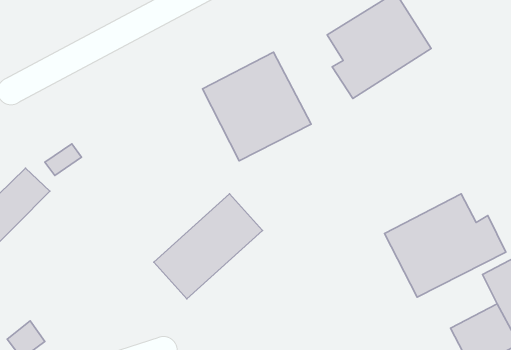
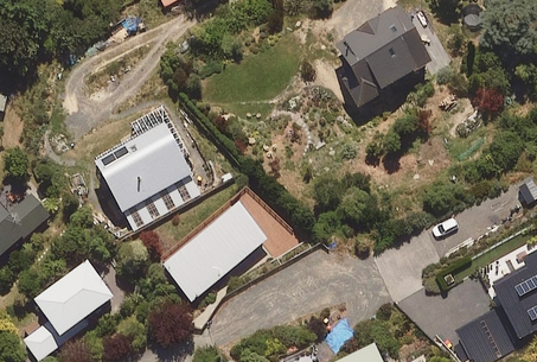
building: [202,52,311,161] -> [96,122,202,228]
building: [384,194,506,297] -> none
building: none -> [34,256,116,335]

